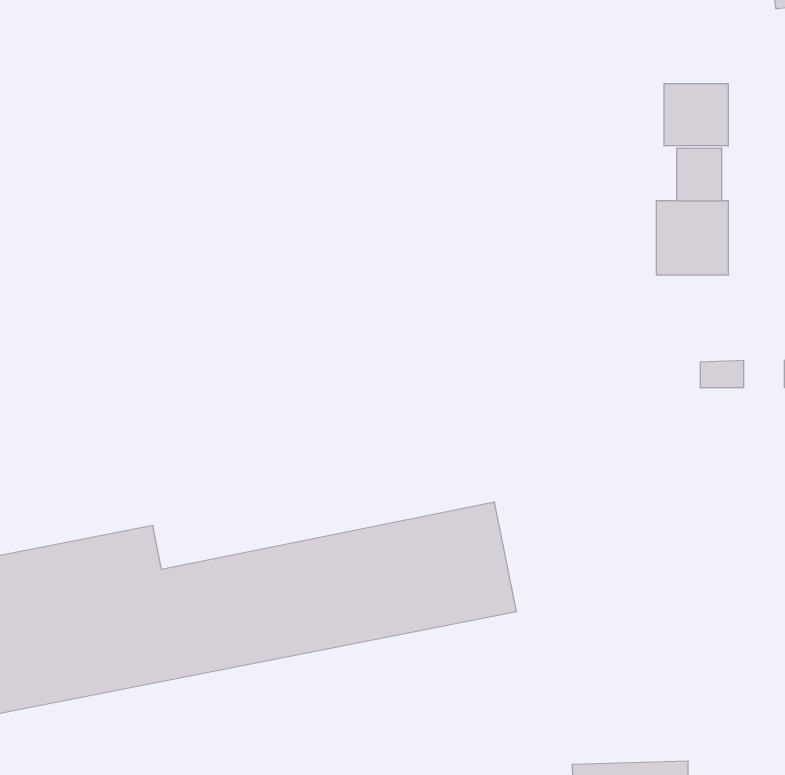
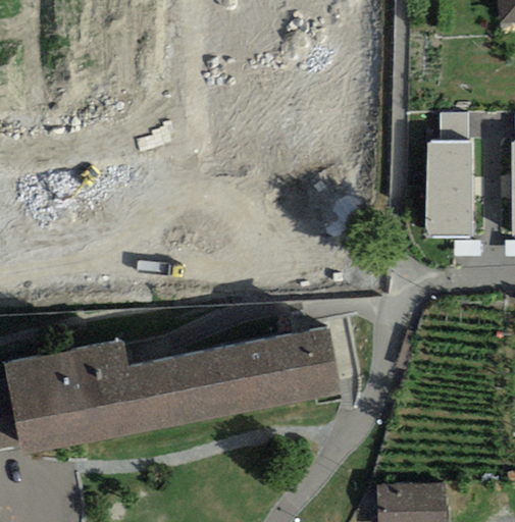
building: [664,84,728,146] -> none
building: none -> [425,188,471,233]

